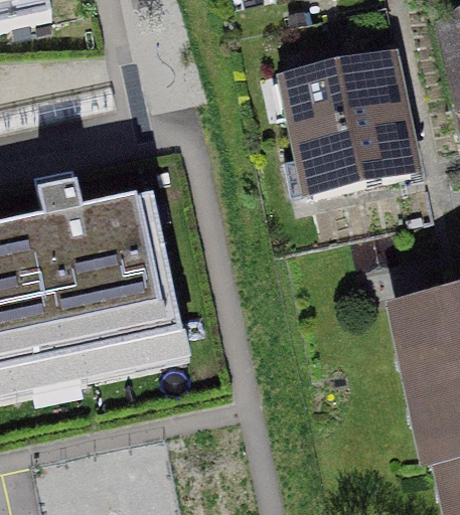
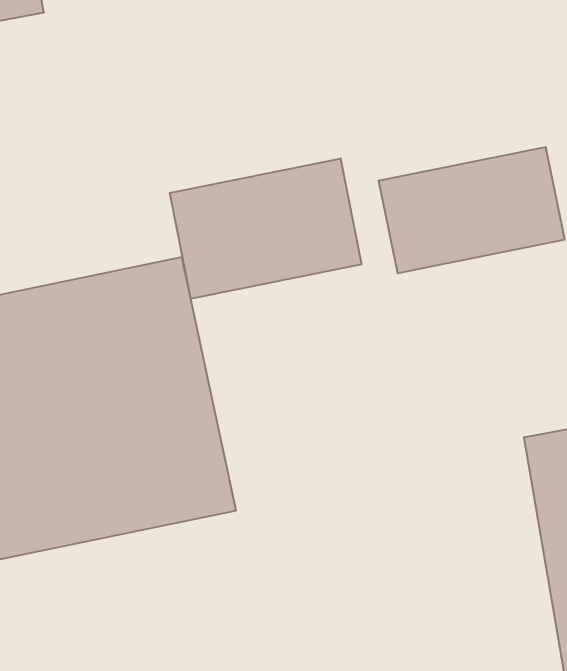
building: [279,56,405,137] -> none
building: none -> [170,158,361,299]

